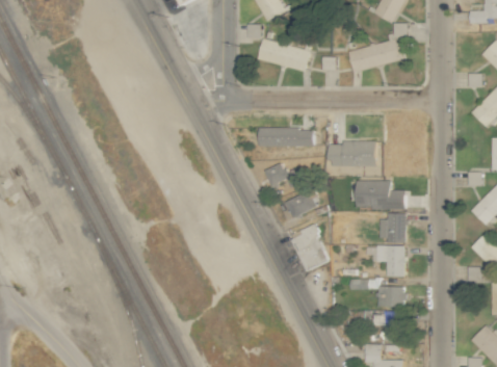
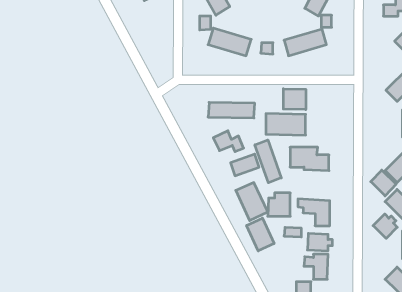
building: none -> [283,89,306,110]
building: none -> [255,140,281,183]
building: none -> [371,170,396,196]
building: [378,213,406,241] -> [268,193,290,216]
building: none -> [373,214,397,238]
building: none -> [247,218,274,251]

